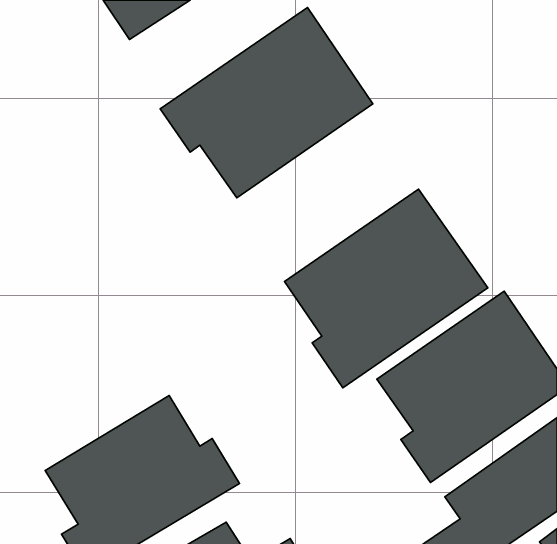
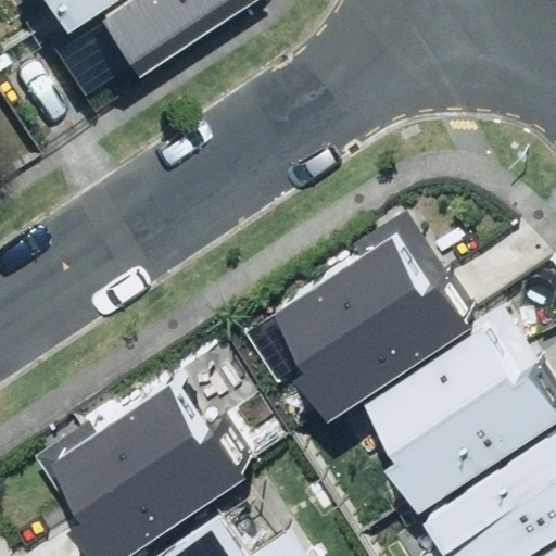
building: [160,7,373,198] -> none

